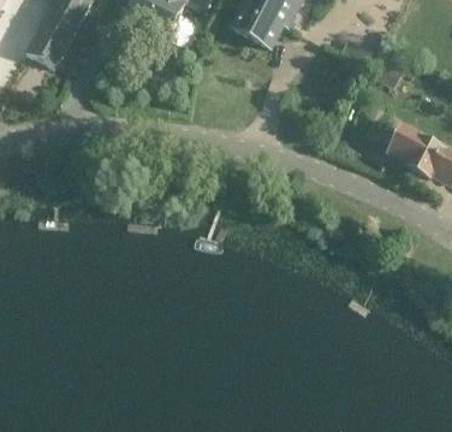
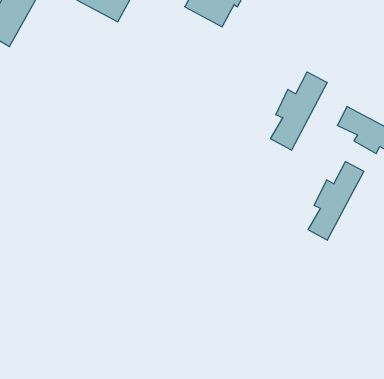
building: none -> [271,72,327,150]
building: none -> [308,162,364,240]

